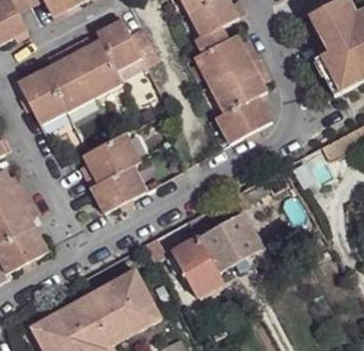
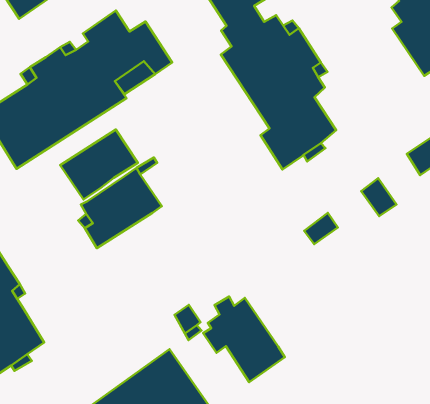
building: [91,166,146,214] -> [60,130,138,199]
building: [193,210,256,271] -> none

